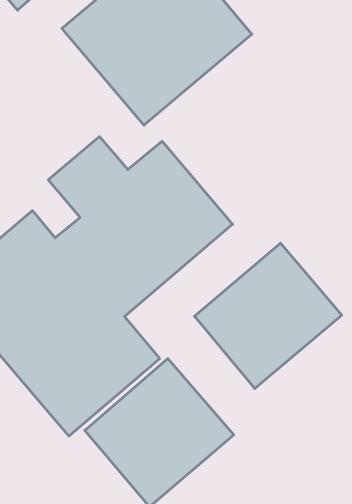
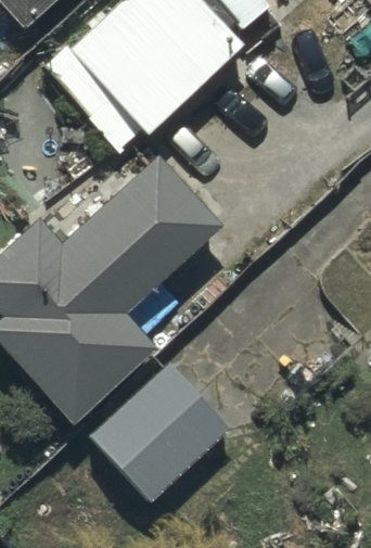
building: [194,243,342,389] -> none

